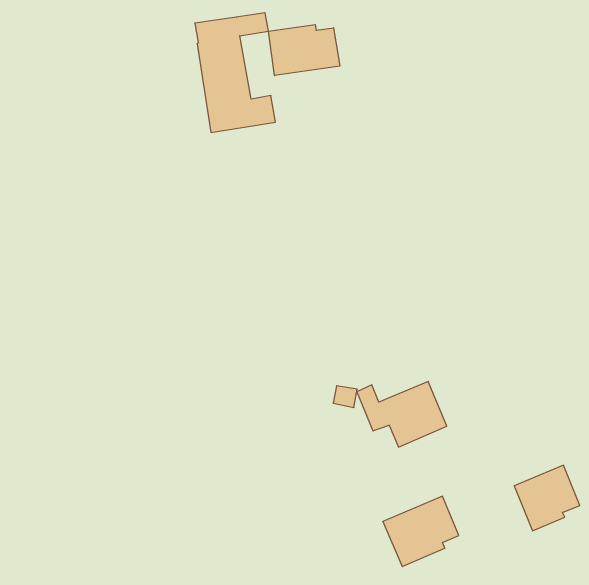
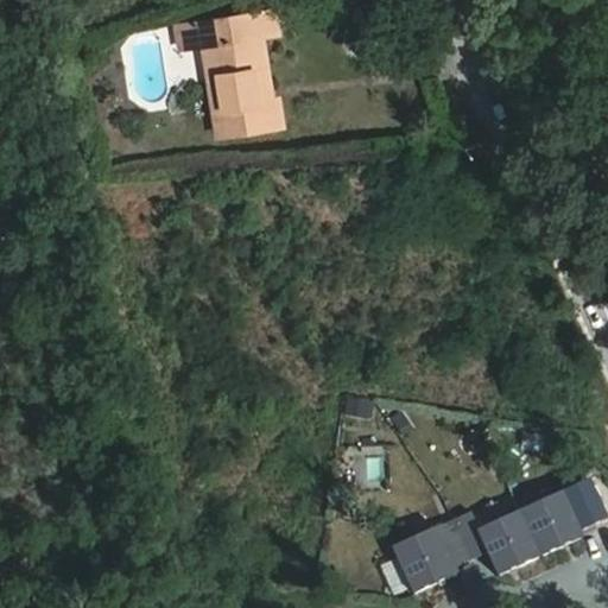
building: [269,25,340,76] -> none
building: [357,381,447,447] -> [456,505,549,572]

